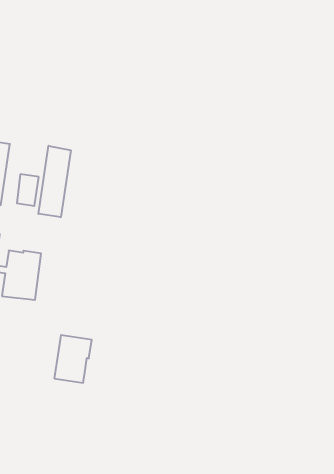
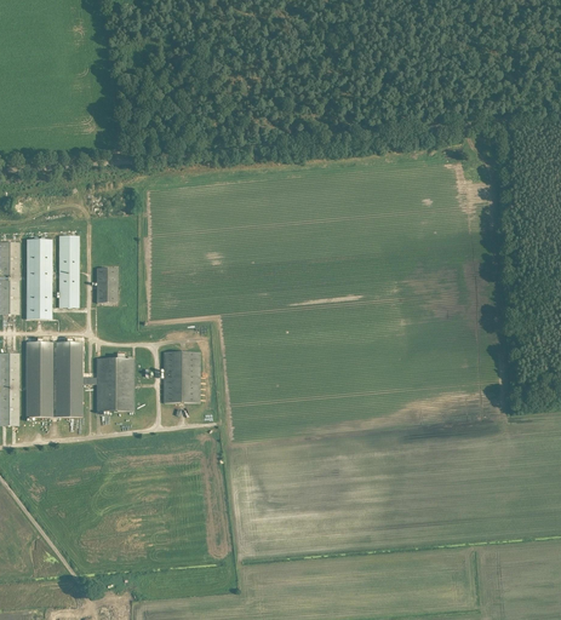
building: [38,146,71,217] -> none
building: [54,335,92,383] -> [162,352,199,403]

